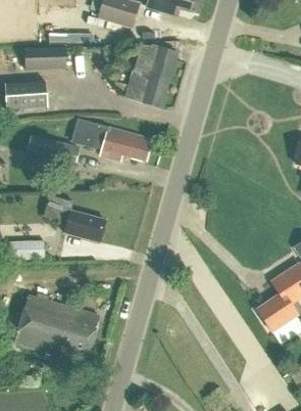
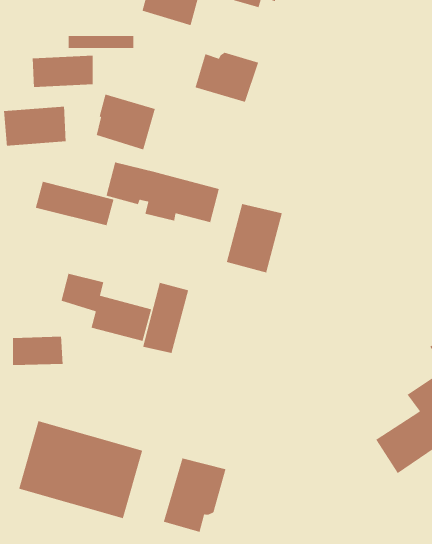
building: [128,68,168,107] -> [96,93,156,151]
building: none -> [226,203,283,274]
building: none -> [142,282,189,354]
building: none -> [163,457,227,533]

